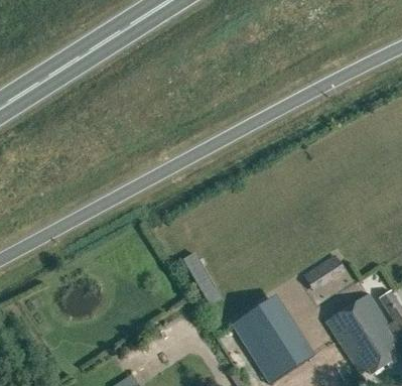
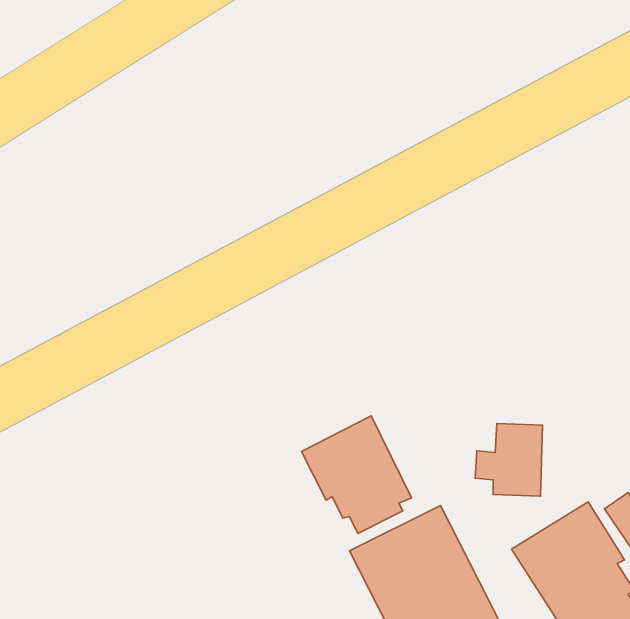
building: none -> [301,416,411,533]

